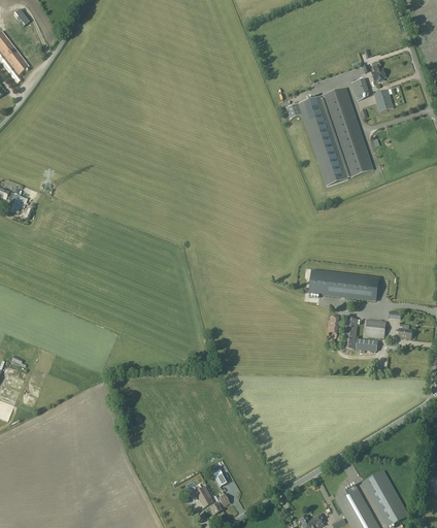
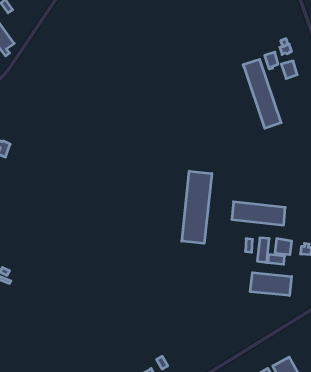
building: [287,95,351,185] -> none
building: none -> [182,171,212,243]
building: none -> [250,273,292,296]

